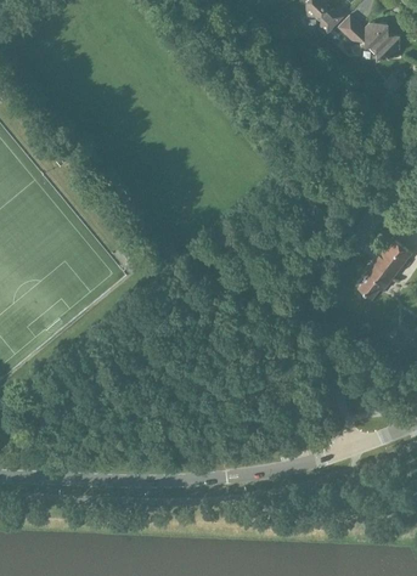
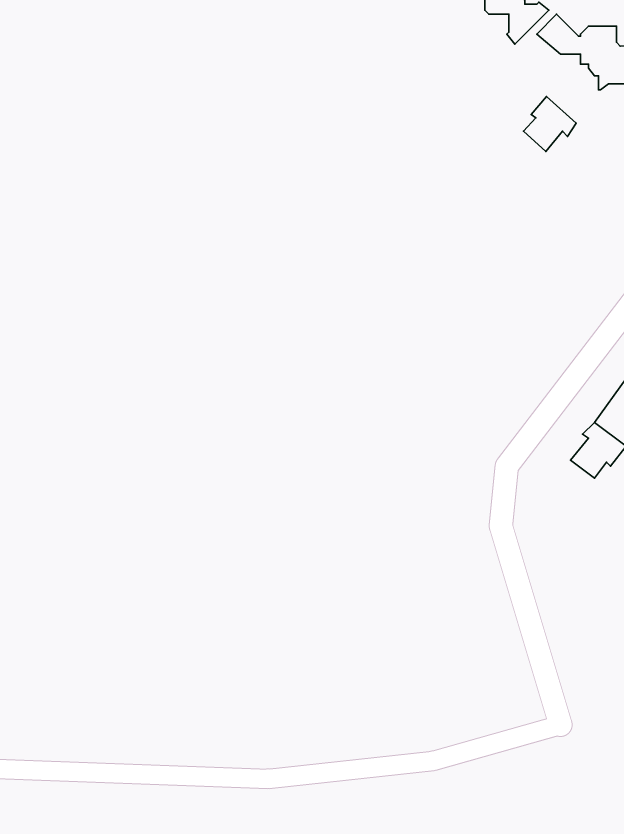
building: none -> [524,97,576,151]

